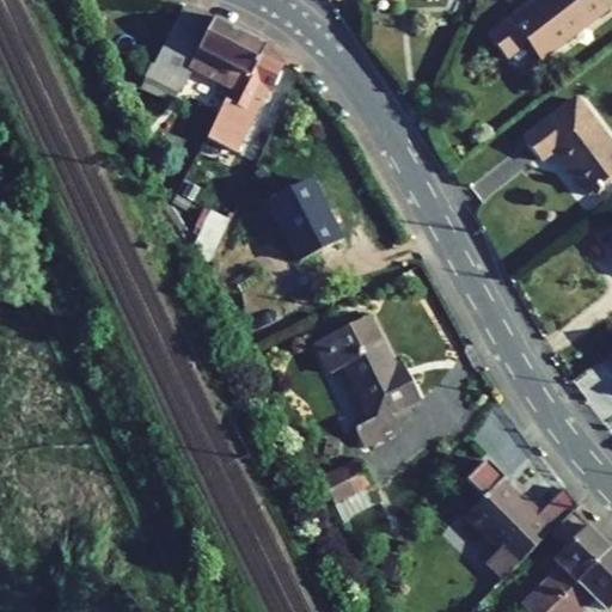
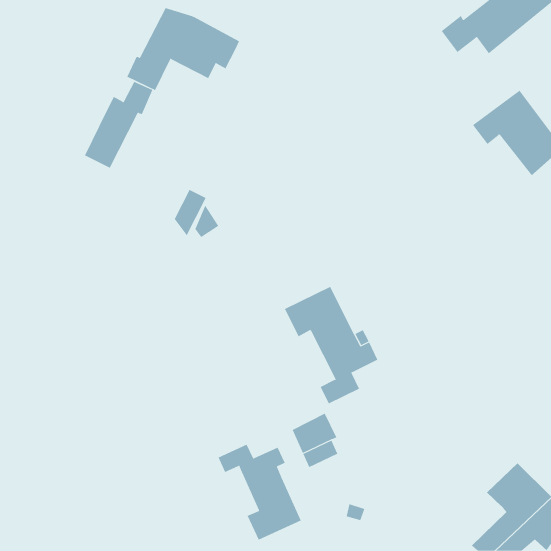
building: [208,54,284,151] -> [84,81,153,169]
building: [269,179,341,261] -> none
building: [466,460,579,579] -> none
building: none -> [218,444,301,541]

